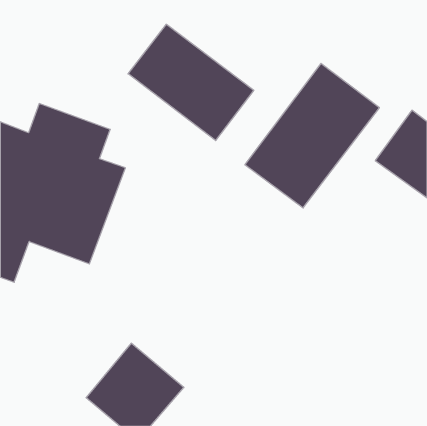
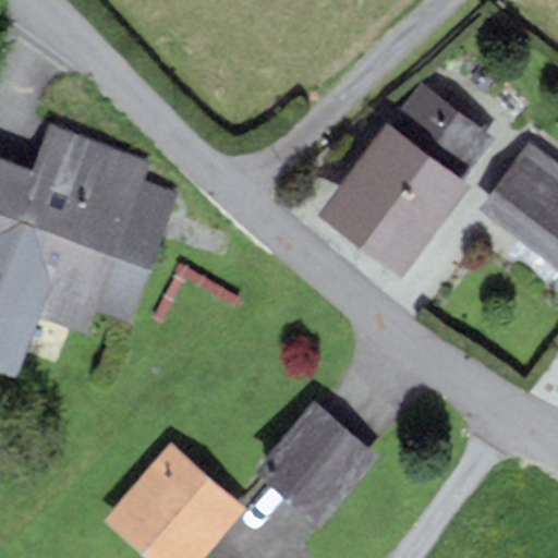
building: [128,24,254,141] -> none
building: none -> [260,402,371,512]

